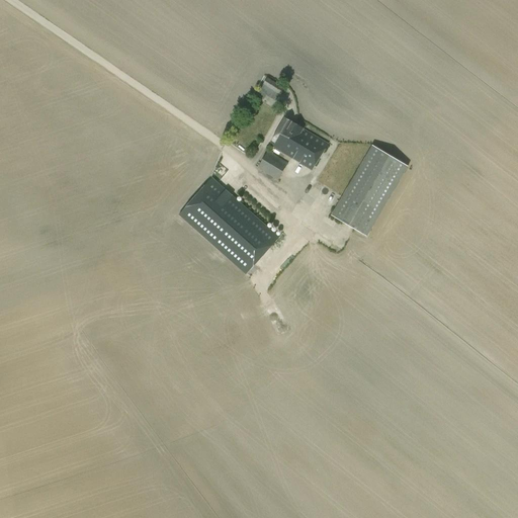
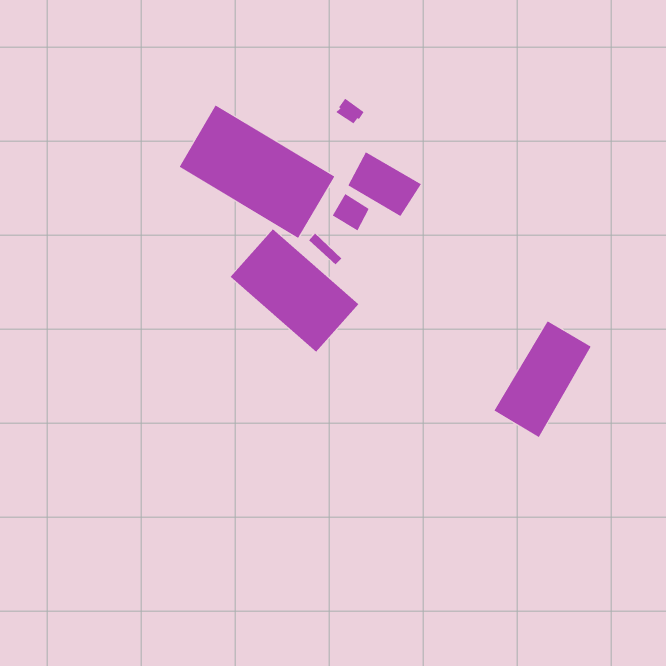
building: none -> [179,105,335,239]
building: [331,145,407,236] -> [494,320,592,438]

